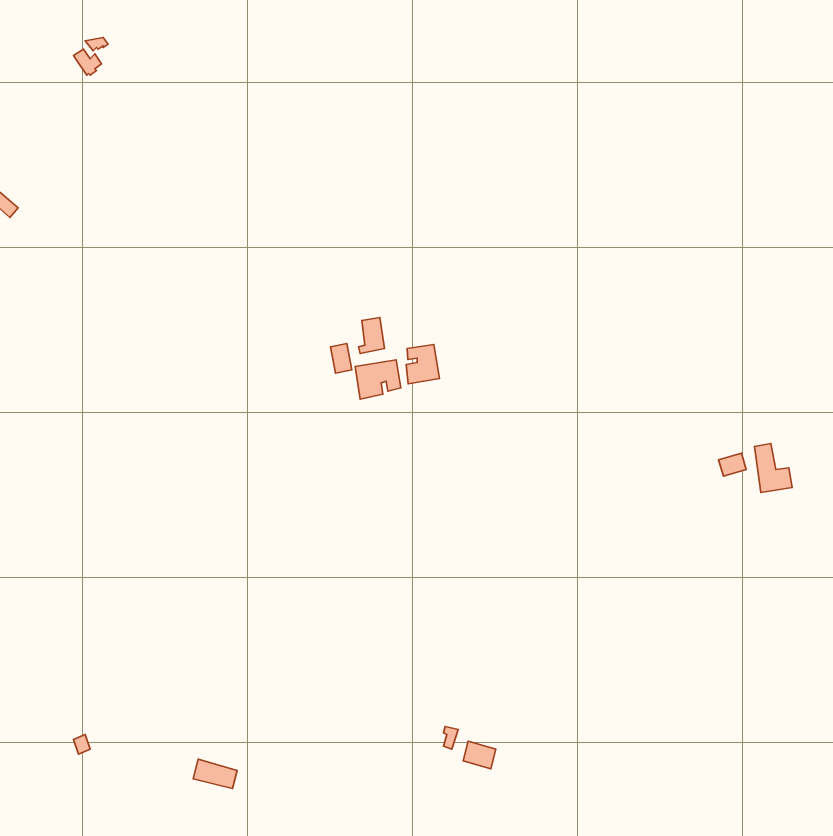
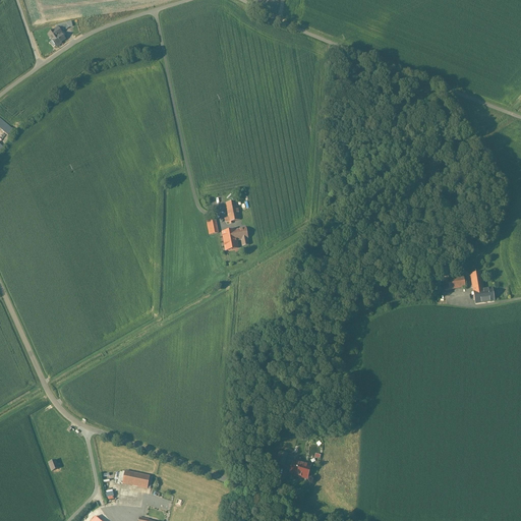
building: [406,344,439,384] -> none

